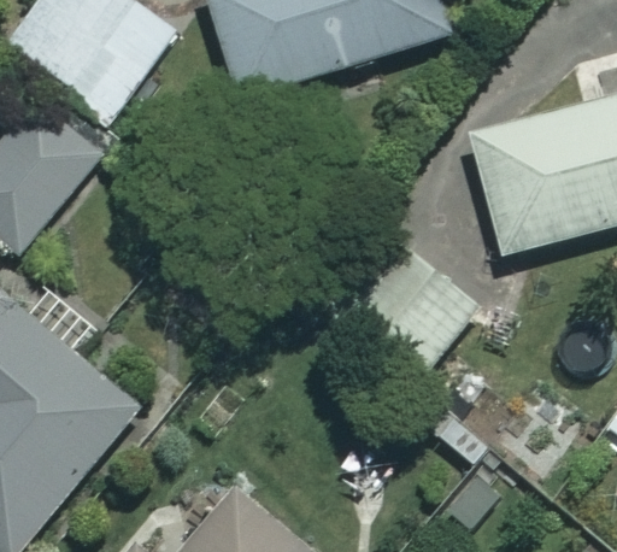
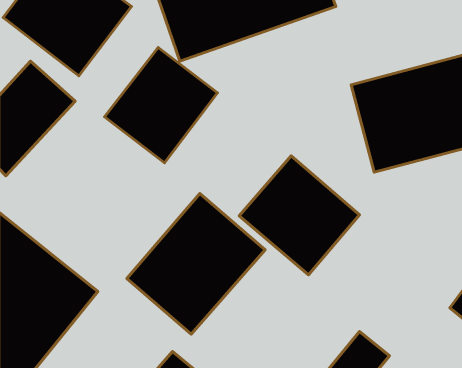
building: none -> [104,47,218,163]
building: none -> [127,193,265,334]

